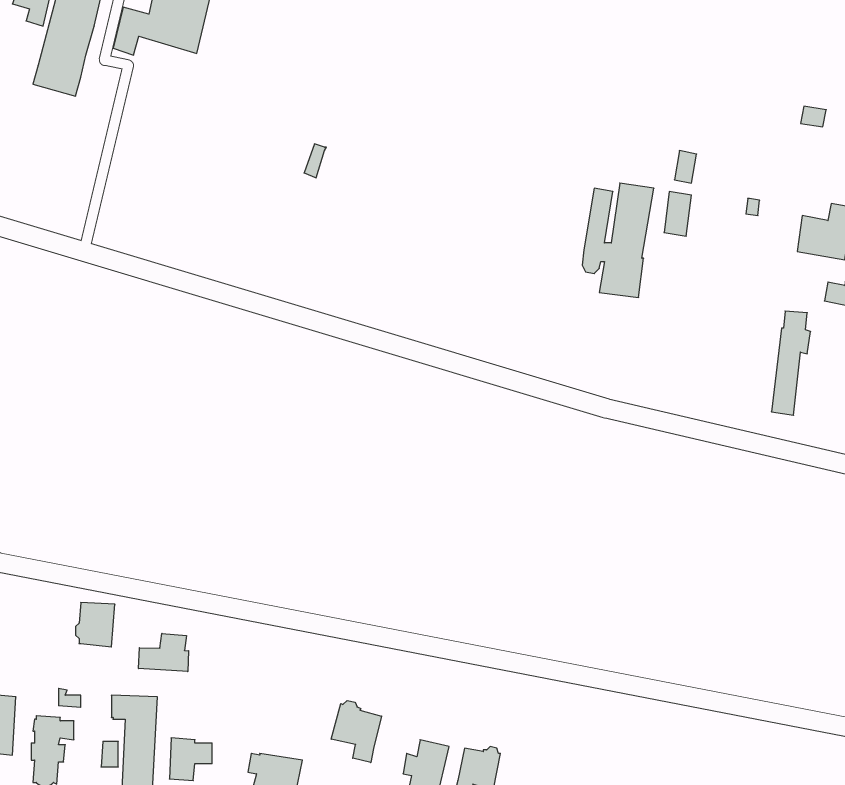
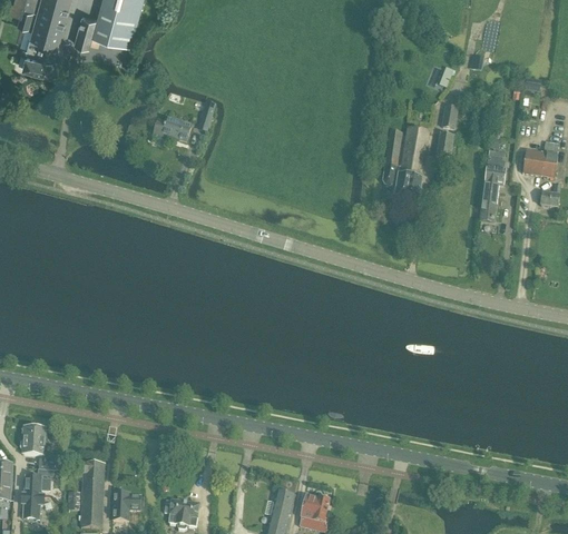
building: none -> [154,118,190,141]
building: [771,311,811,415] -> [480,157,506,225]
building: [76,603,115,647] -> [20,426,46,455]
building: [139,633,189,672] -> none
building: [331,701,382,763] -> none

